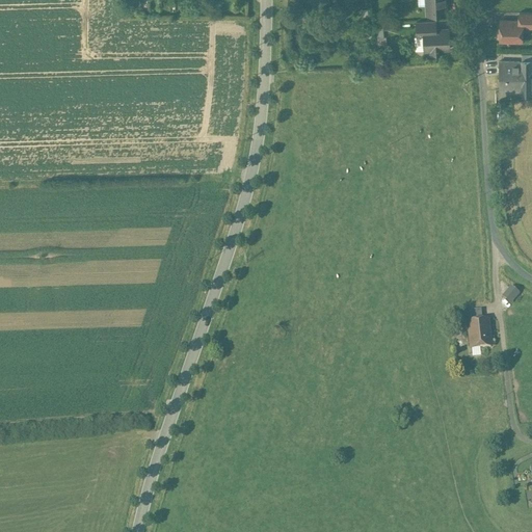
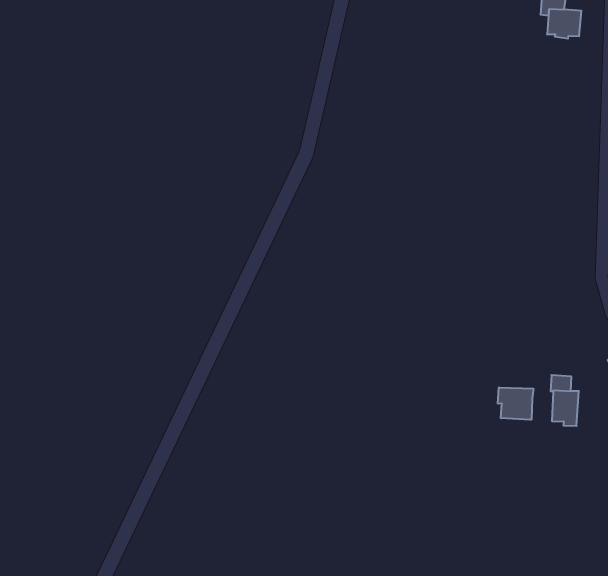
building: none -> [498,387,533,420]

